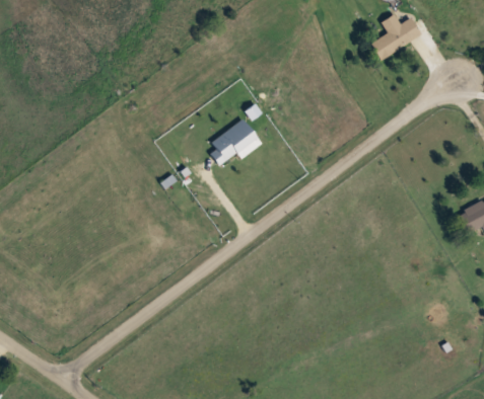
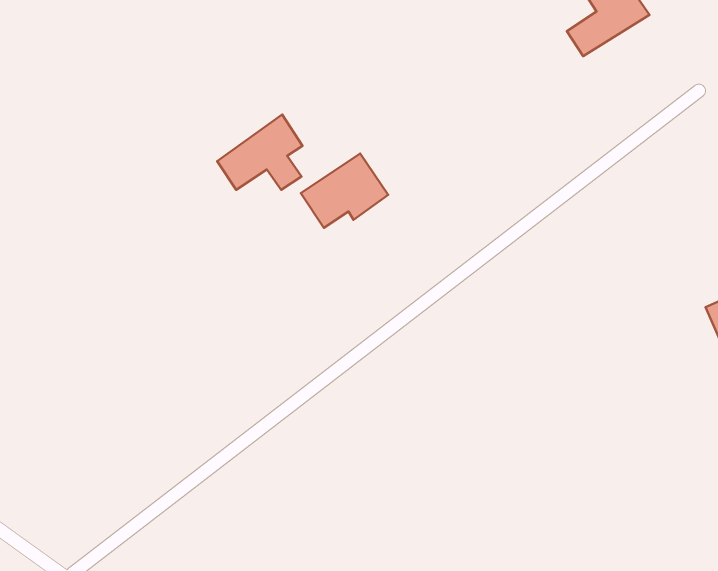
building: none -> [217,114,302,190]

